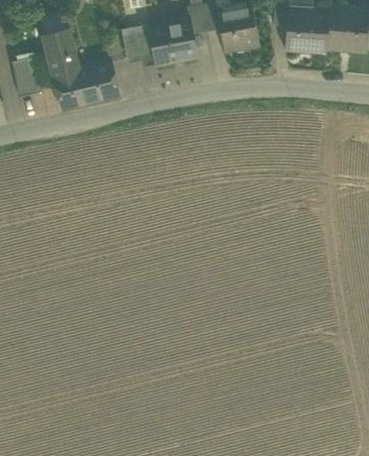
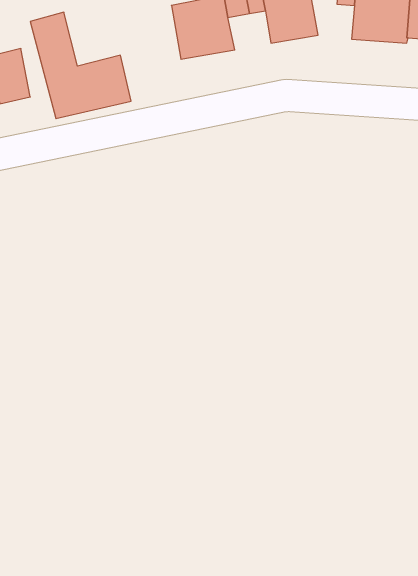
building: [122,24,156,67] -> none

